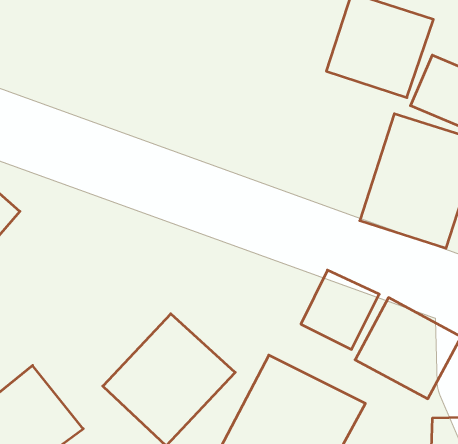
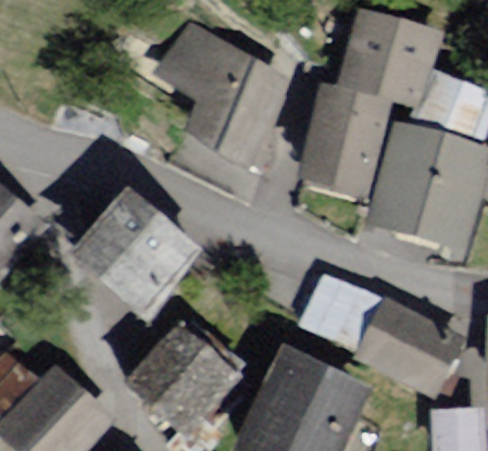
building: none -> [157,23,283,167]
building: none -> [283,88,378,196]
building: none -> [52,187,186,320]

